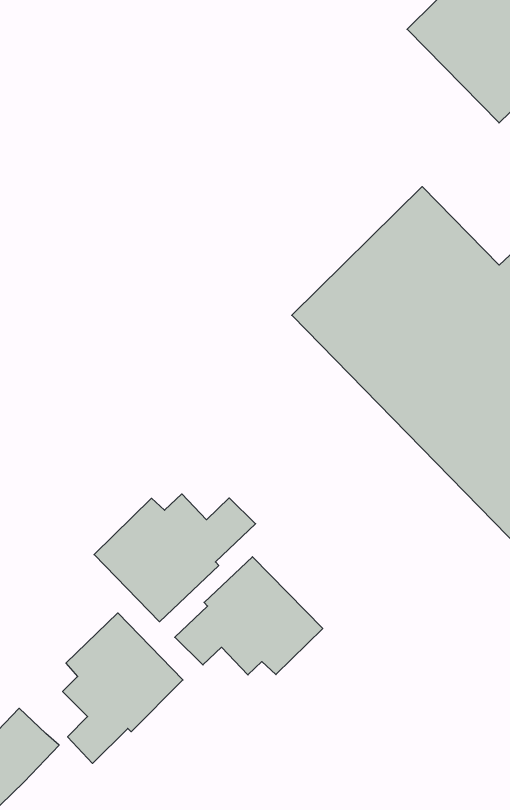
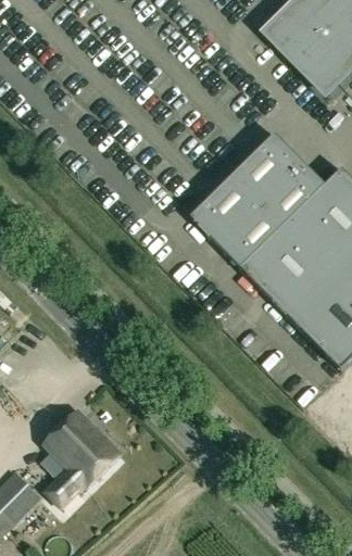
building: [94,494,256,622] -> none
building: [175,557,323,675] -> none

